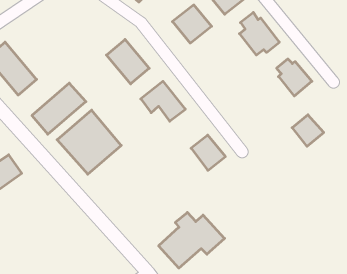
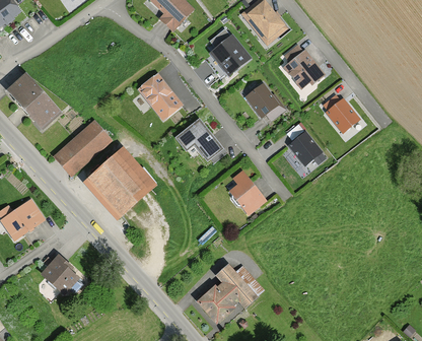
building: none -> [244,83,278,118]
building: [292,115,324,146] -> [288,132,323,166]
building: none -> [39,250,80,292]

